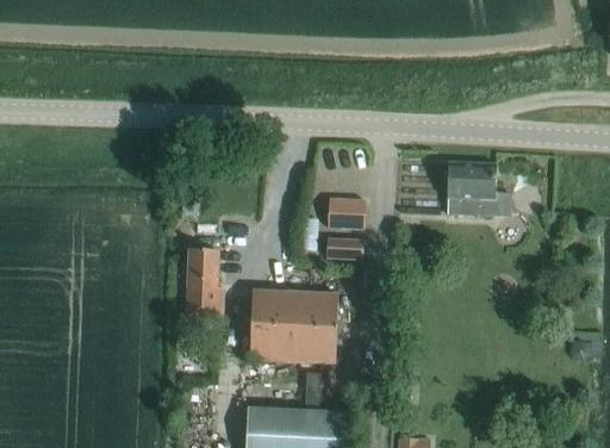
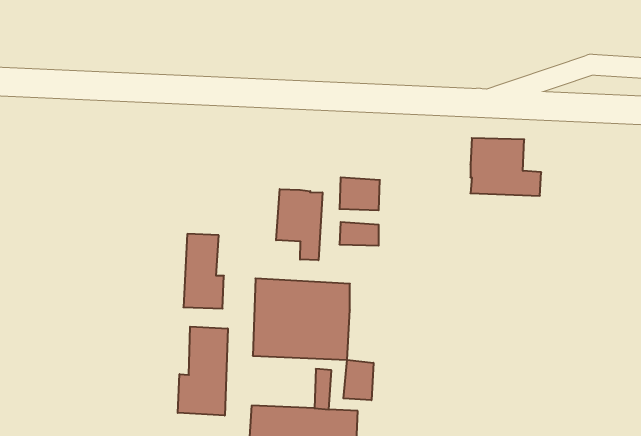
building: none -> [276,189,322,260]
building: none -> [178,327,228,416]
building: none -> [343,360,373,400]

